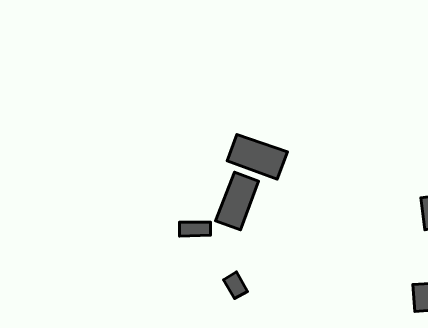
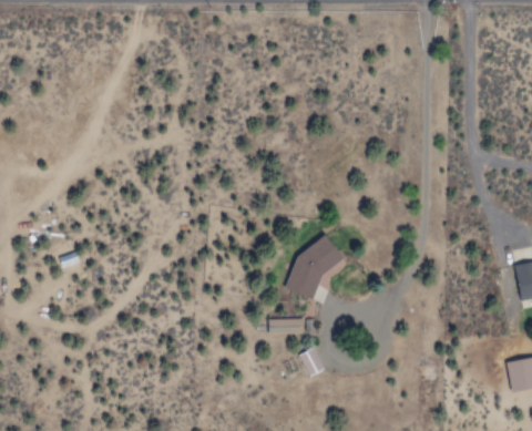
building: [227,134,287,179] -> none
building: [180,222,210,236] -> [270,317,305,332]

